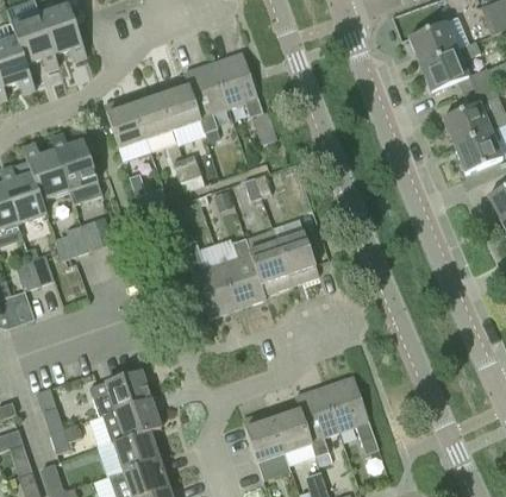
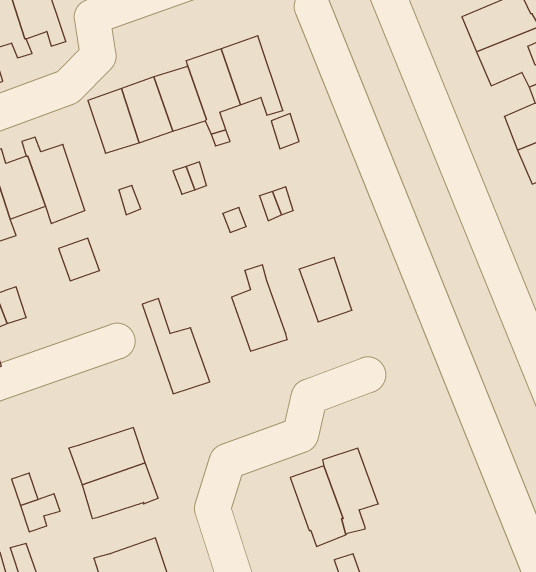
building: [55,225,90,260] -> none
building: [182,240,237,317] -> [142,298,210,394]
building: [250,241,292,294] -> none
building: [324,376,379,454] -> none
building: [243,410,285,463] -> none
building: [113,430,160,472] -> none

